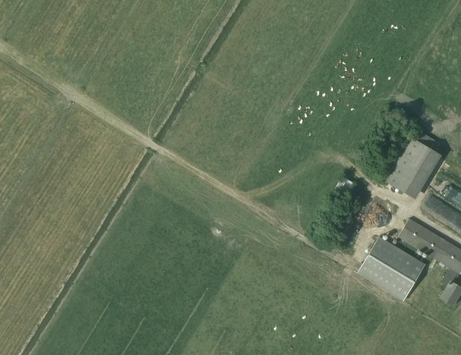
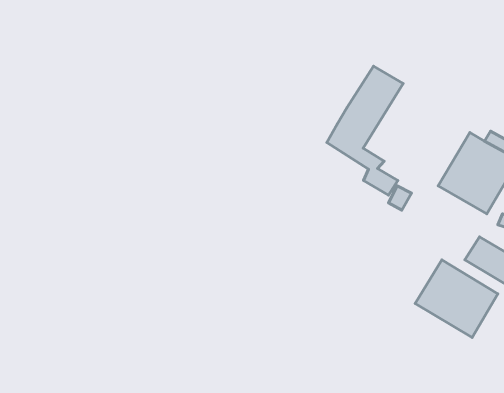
building: none -> [327,66,403,195]

